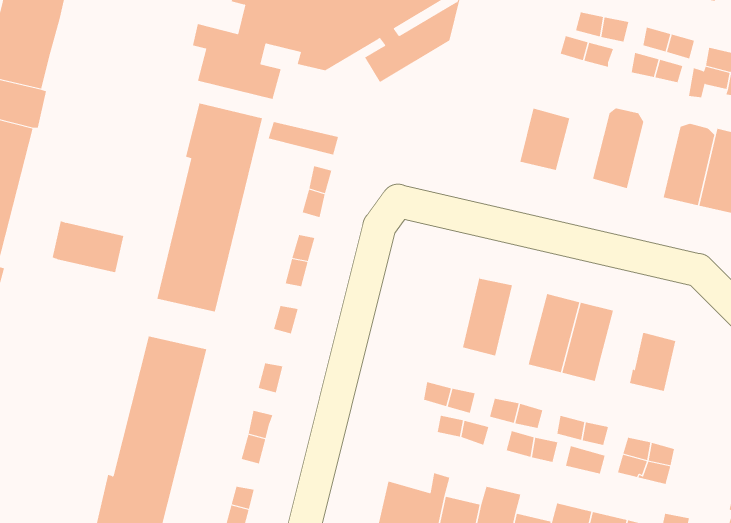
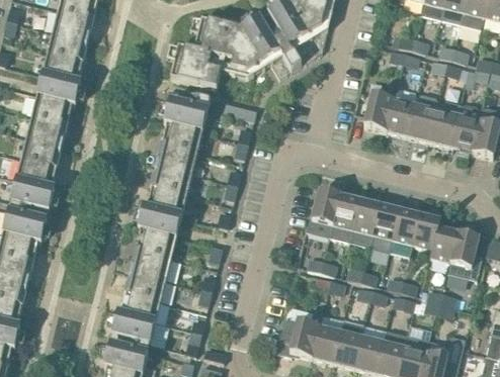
building: none -> [387,87,418,135]
building: none -> [429,100,461,147]
building: [52,221,124,273] -> [139,206,182,238]
building: none -> [307,189,340,237]
building: none -> [350,199,381,247]
building: none -> [413,214,441,250]
building: none -> [448,231,483,279]

